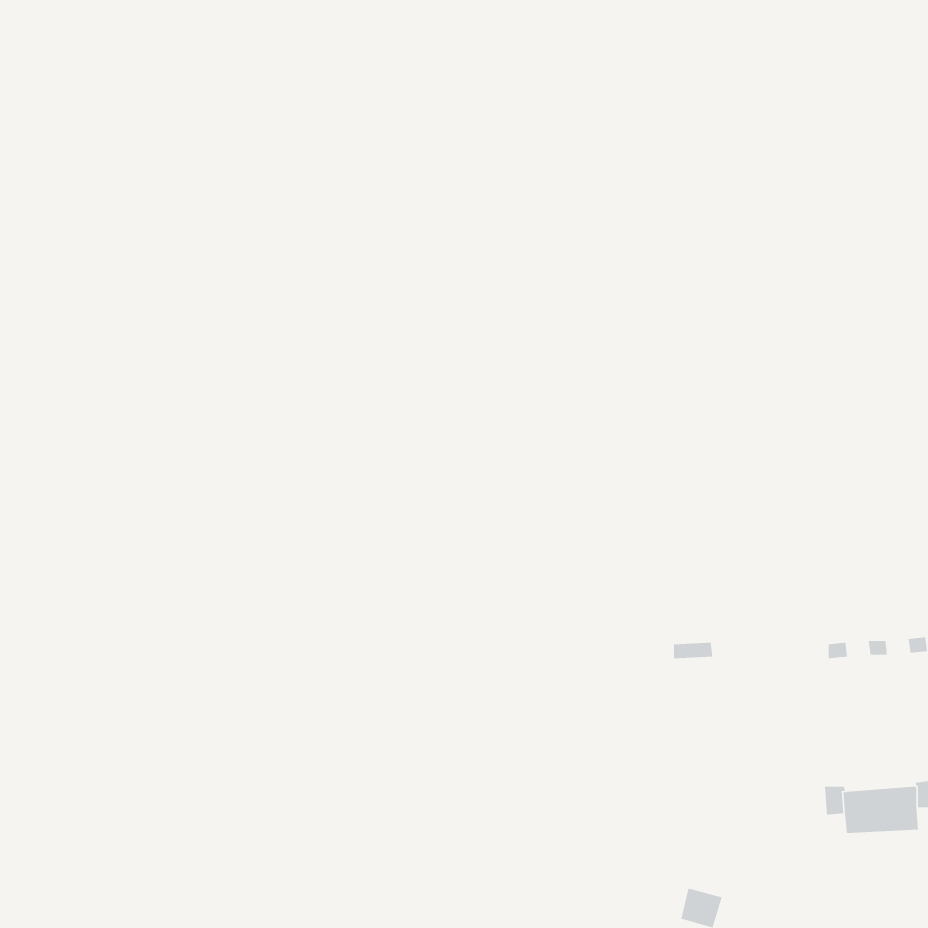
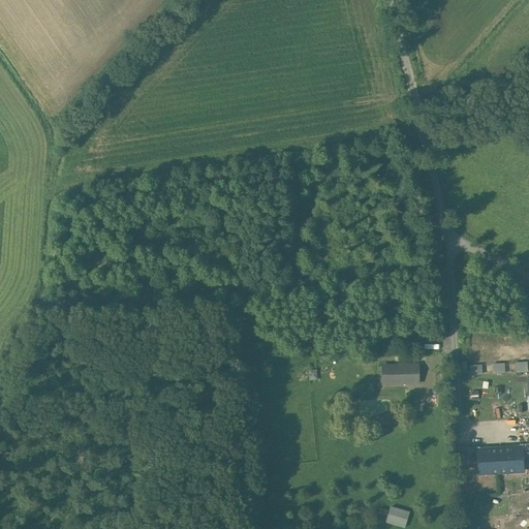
building: none -> [383,365,417,383]

